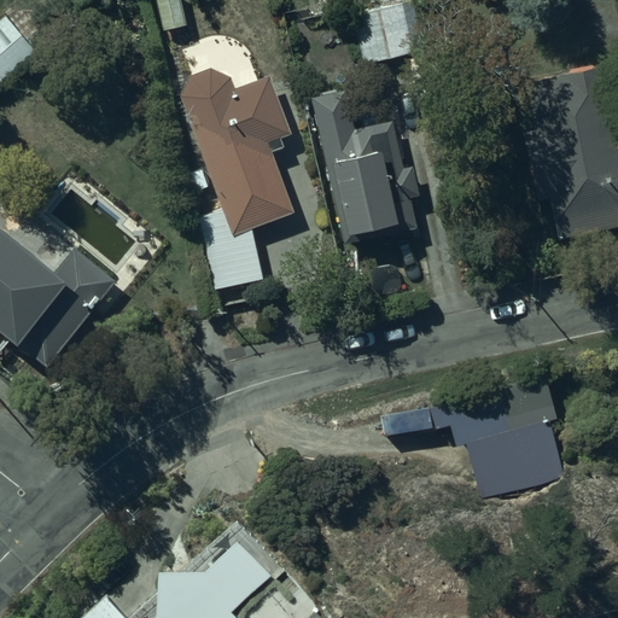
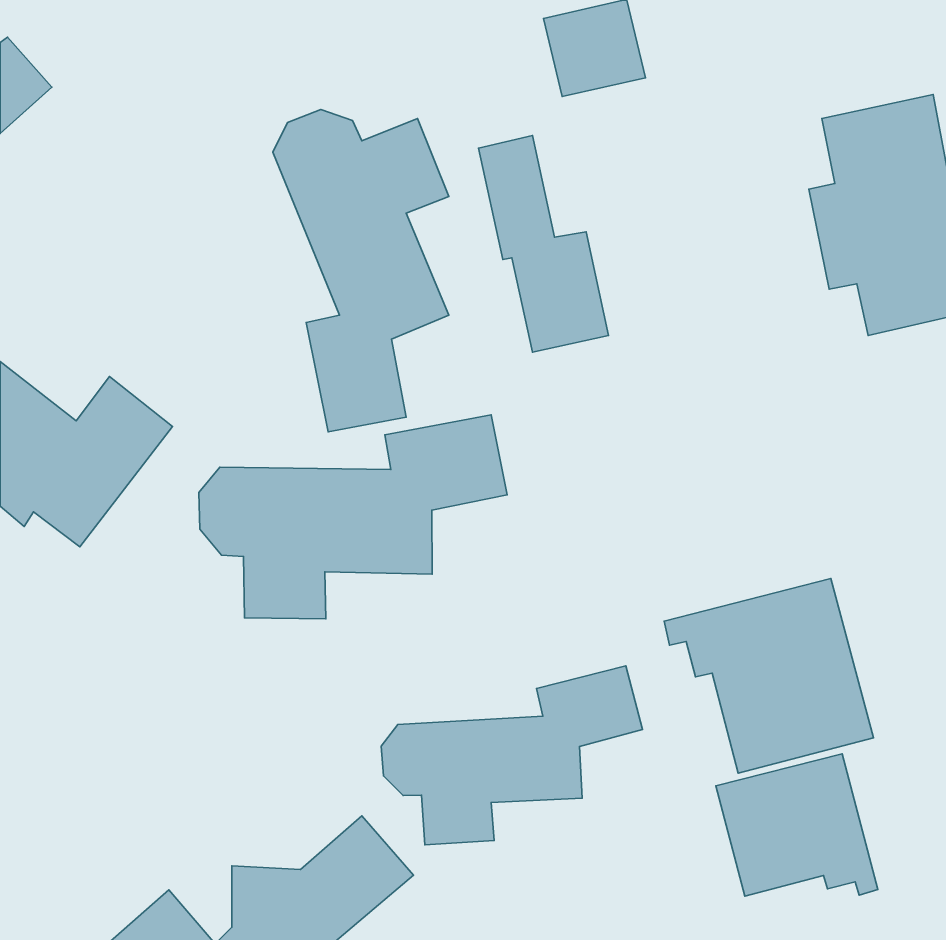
building: none -> [199,415,507,619]
building: none -> [381,666,643,845]
building: none -> [716,754,878,896]

